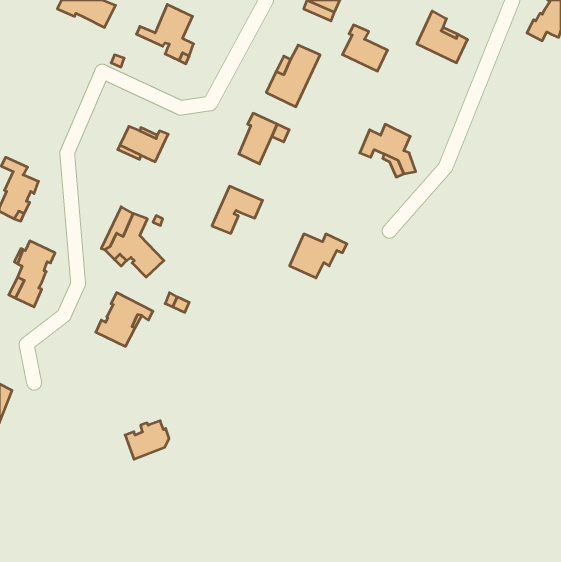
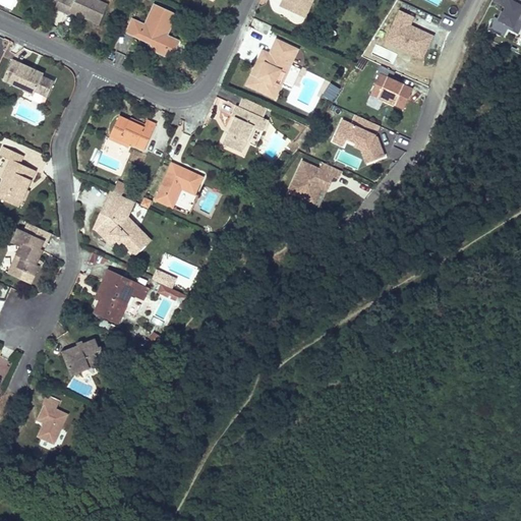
building: [342,25,388,71] -> [370,66,412,109]
building: none -> [4,60,55,97]
building: [212,186,263,233] -> [156,164,202,208]
building: [290,234,347,278] -> [289,162,342,202]
building: [125,421,169,459] -> [62,339,103,374]
building: none -> [37,398,66,444]

